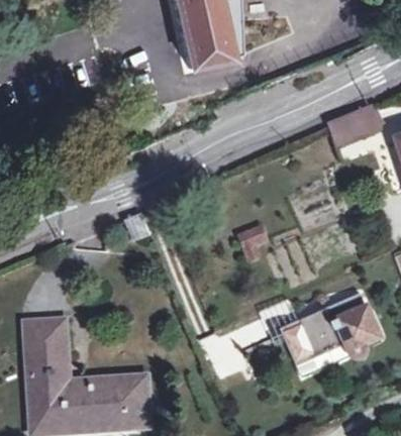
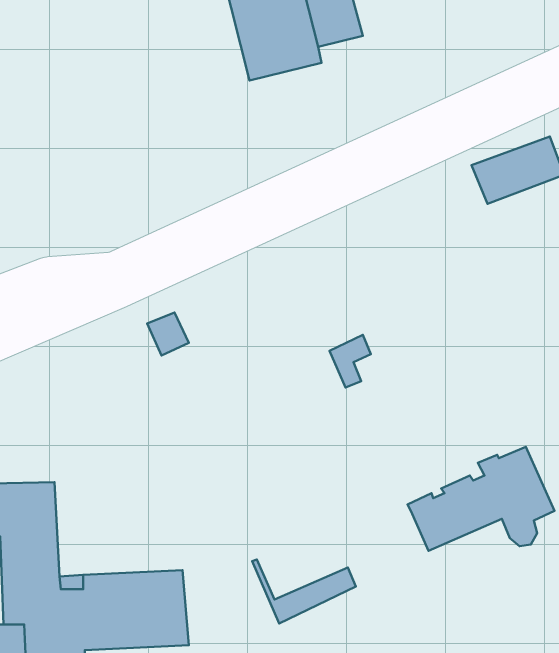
building: [285,337,350,377] -> [252,559,356,623]

